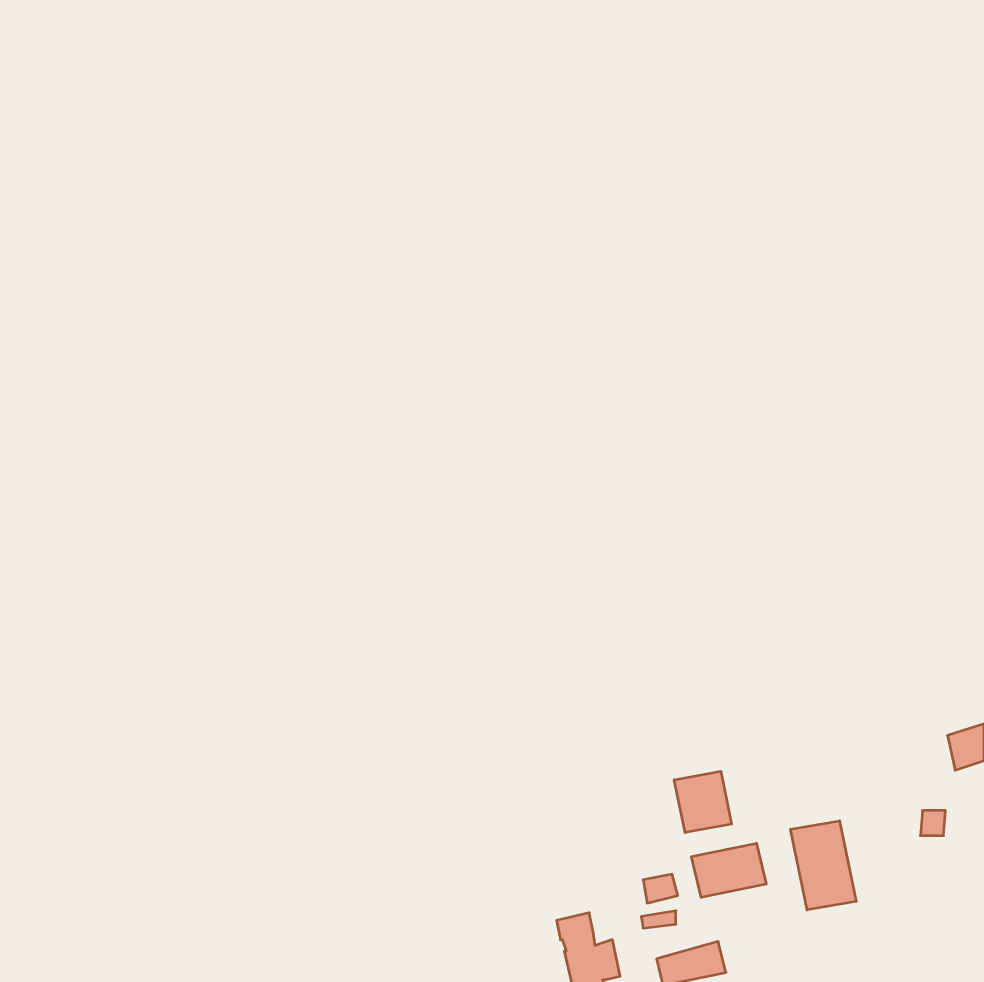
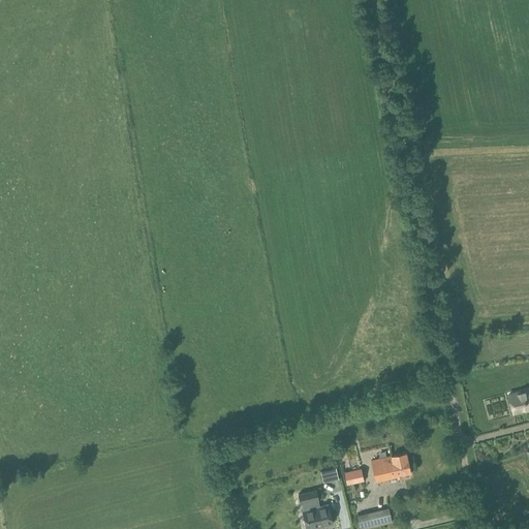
building: [674,771,732,833] -> none
building: [790,821,856,910] -> none

